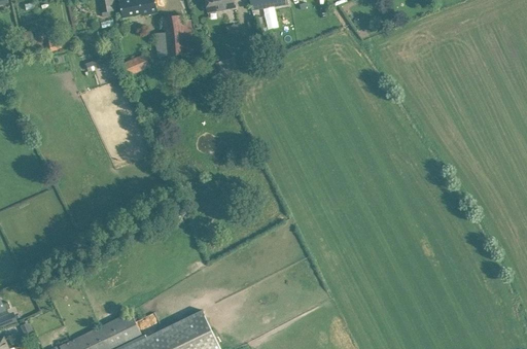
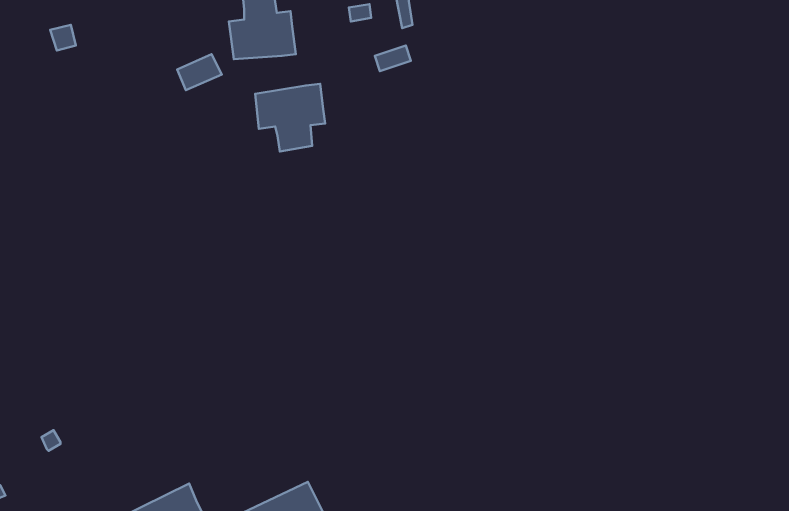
building: none -> [255,84,325,151]

